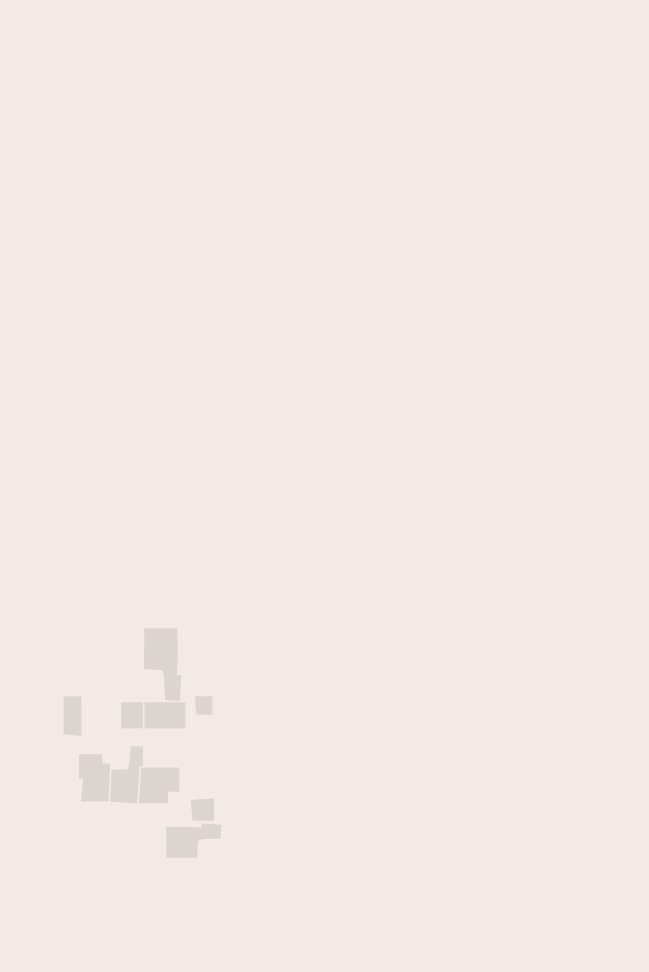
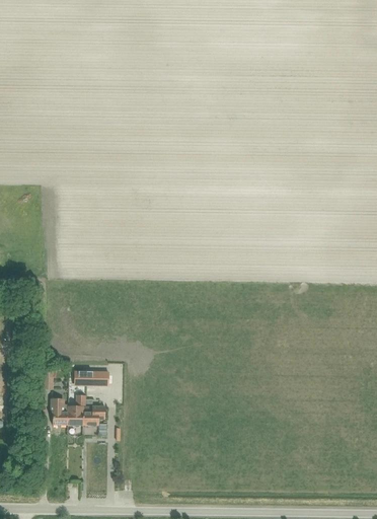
building: [144,627,182,702] -> none
building: [166,823,222,858] -> none

